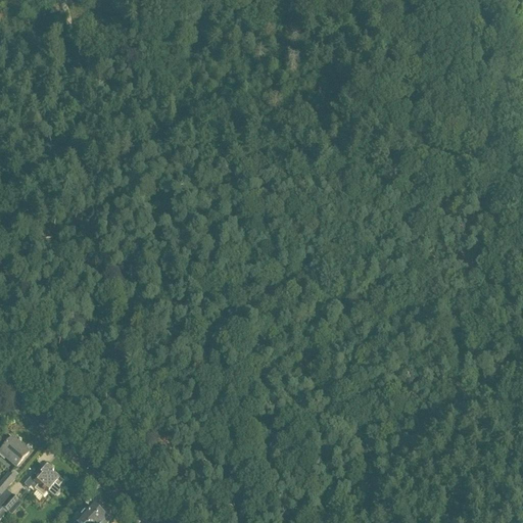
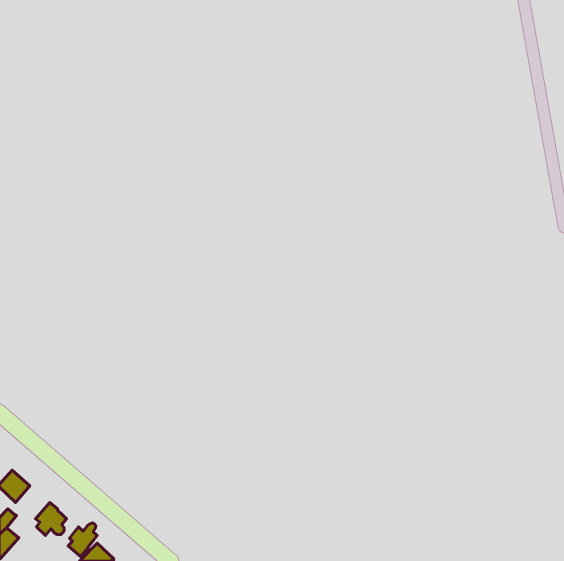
building: none -> [68,523,97,557]

